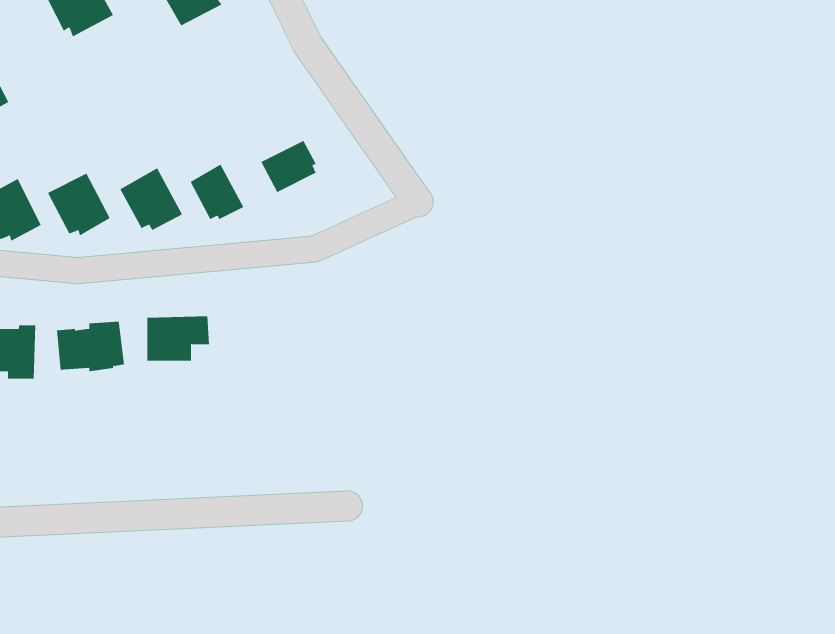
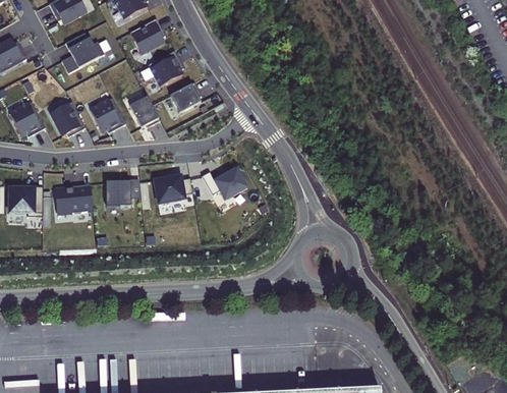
building: none -> [129,18,165,54]
building: none -> [61,36,104,73]
building: none -> [148,50,183,87]
building: none -> [202,168,246,200]
building: none -> [154,176,192,204]

